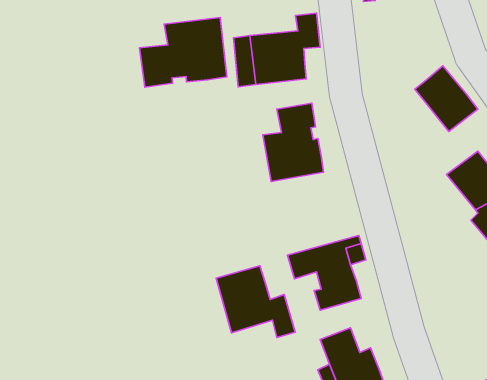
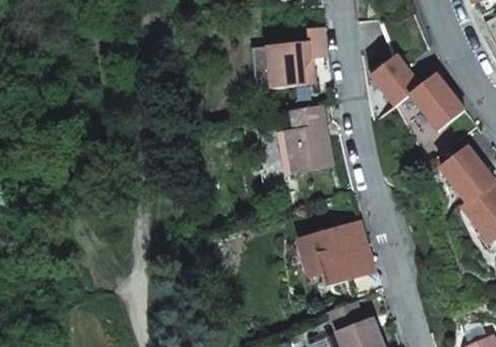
building: [140,18,227,87] -> none
building: none -> [374,55,422,104]
building: [216,266,295,337] -> none

